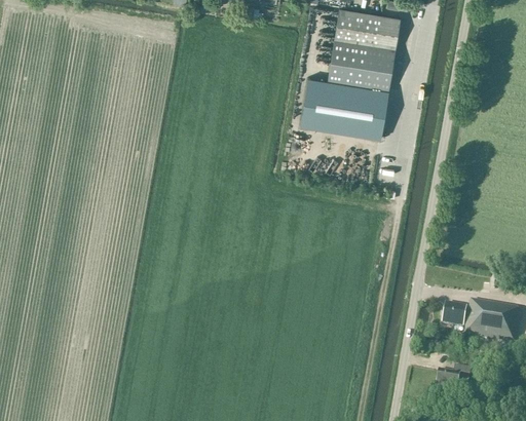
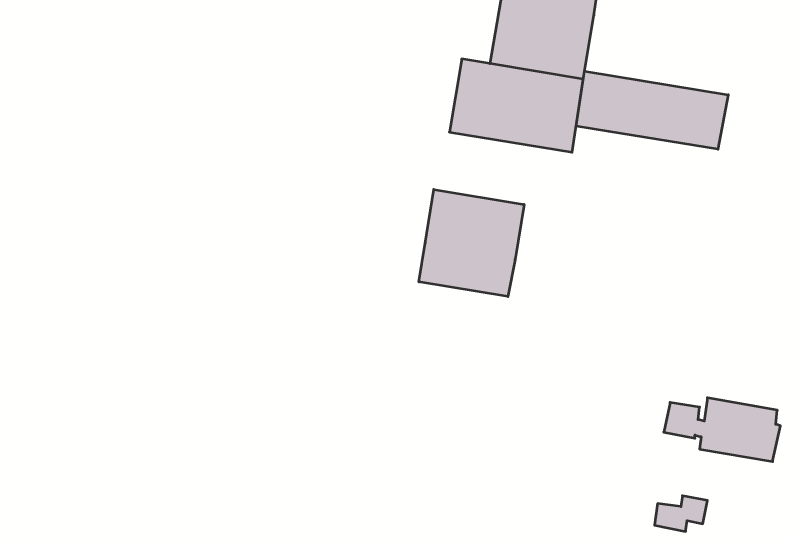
building: none -> [576,71,728,149]
building: none -> [419,189,524,297]

